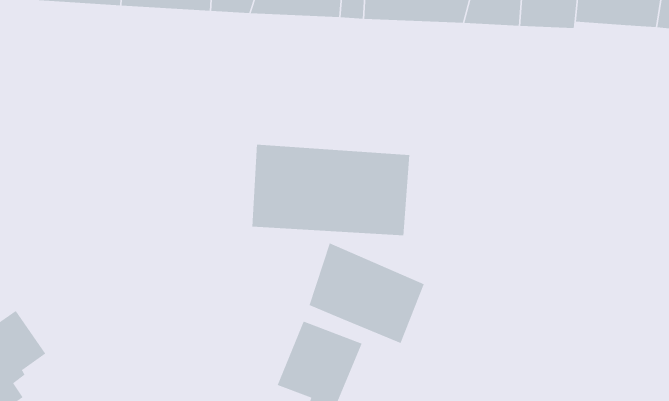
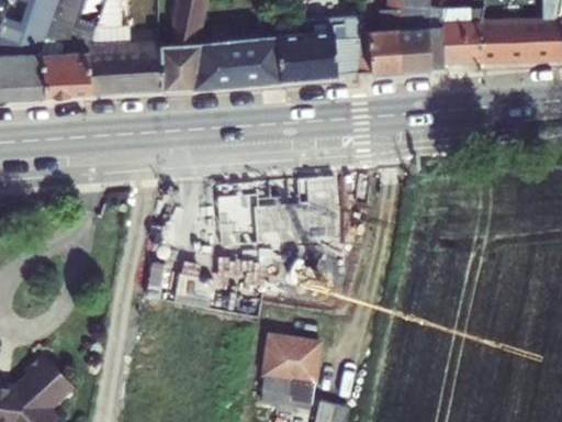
building: [309,243,424,344] -> none

